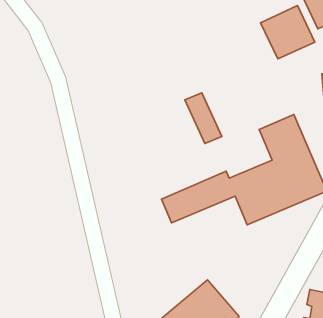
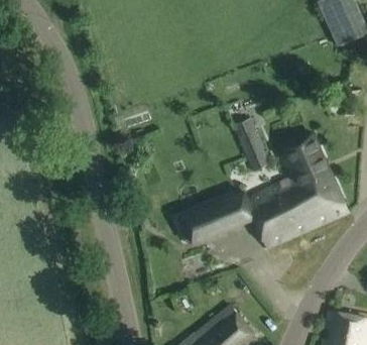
building: [260,6,315,59] -> none
building: [185,93,222,144] -> [237,122,274,174]

